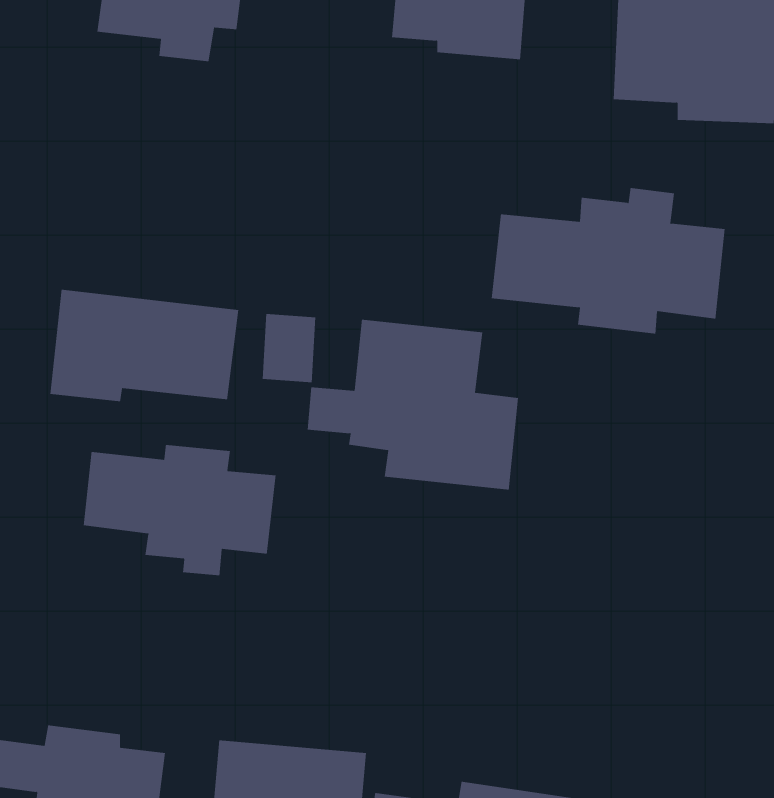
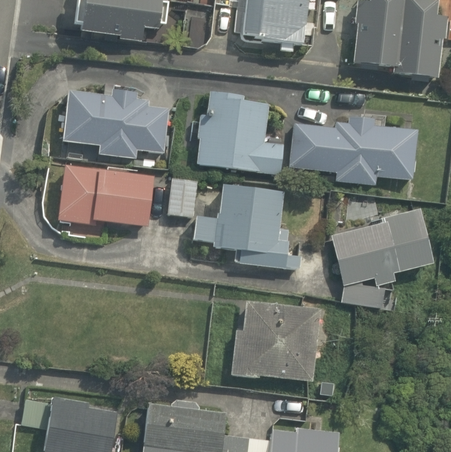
building: none -> [67,88,168,160]
building: none -> [193,92,285,173]
building: none -> [331,209,430,290]
building: [83,444,276,576] -> none
building: none -> [233,300,315,380]

